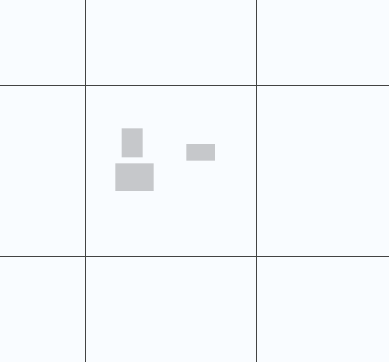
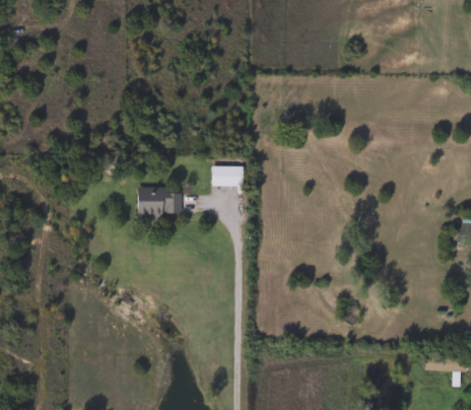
building: [121,128,144,158] -> none

